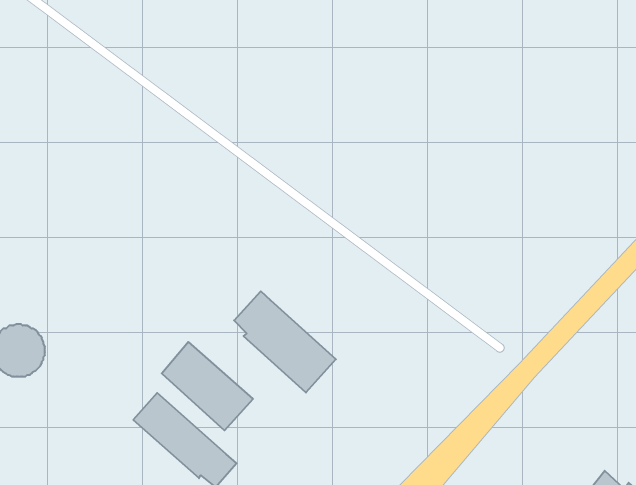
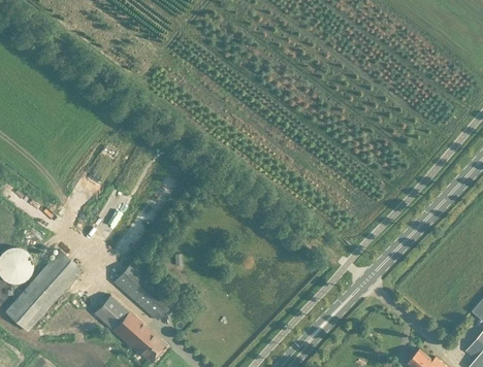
building: [234,291,336,393] -> none
building: none -> [5,251,82,331]

